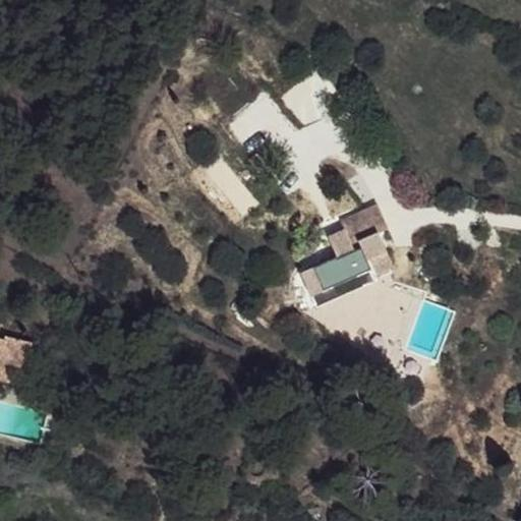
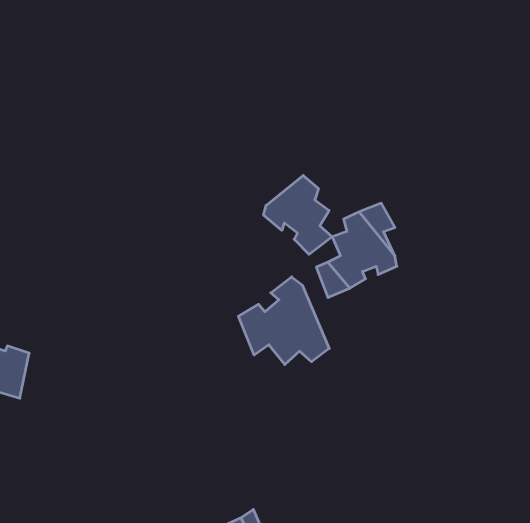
building: none -> [264,175,332,254]
building: none -> [238,277,329,365]

